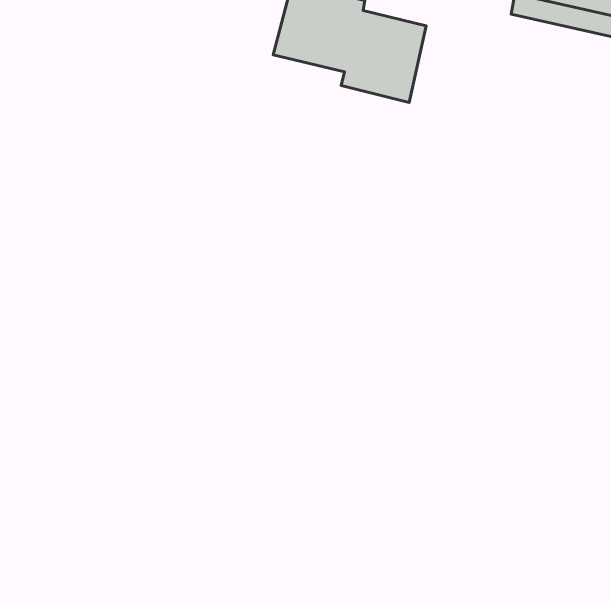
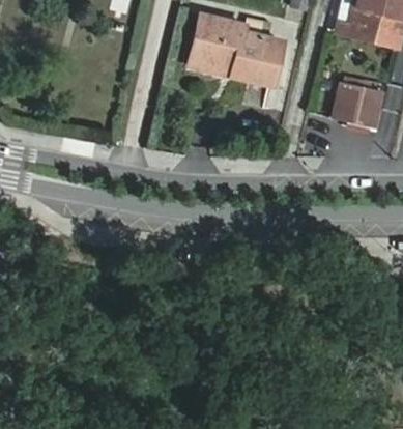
building: none -> [334,82,382,128]

